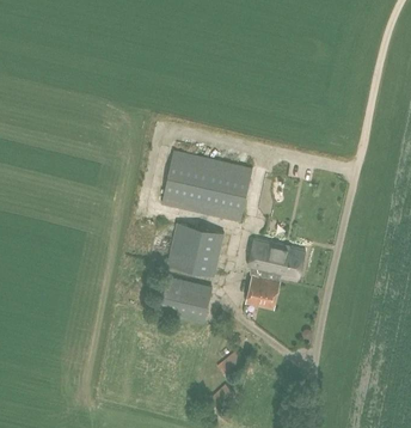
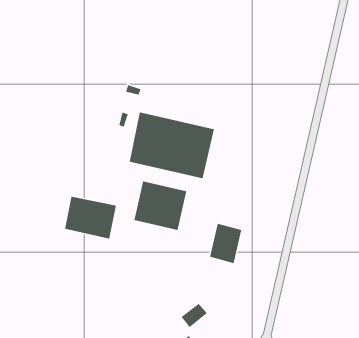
building: [247,238,305,277] -> none
building: [157,276,211,322] -> [64,196,117,239]

